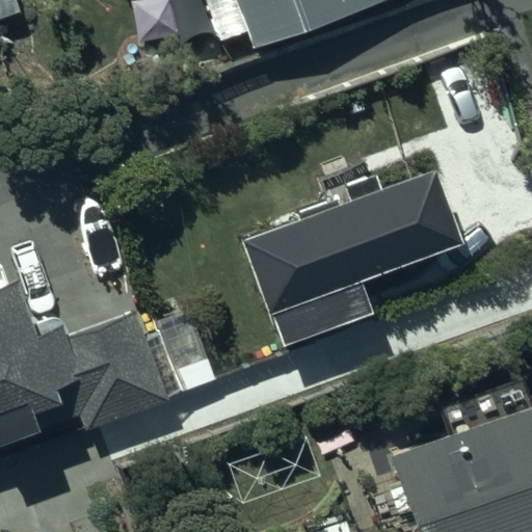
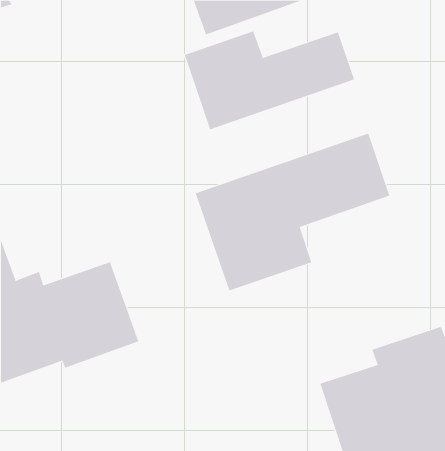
building: none -> [184,30,355,130]

